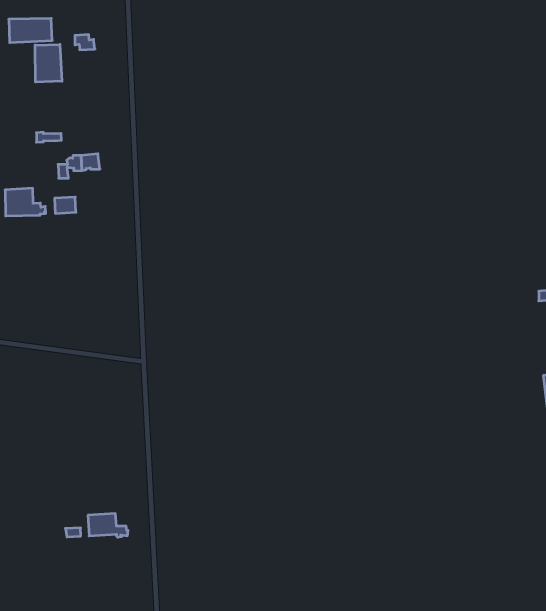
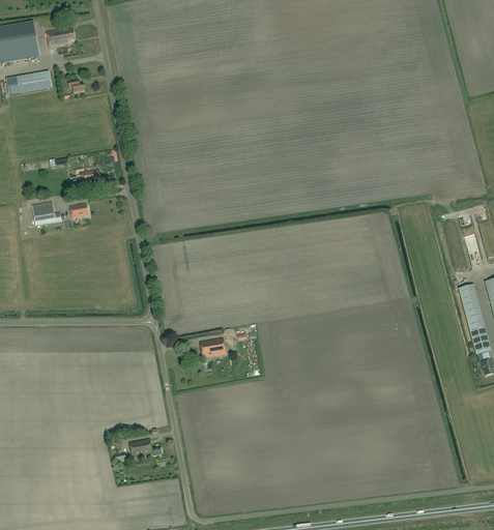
building: [35,44,62,82] -> none
building: none -> [200,337,227,357]

